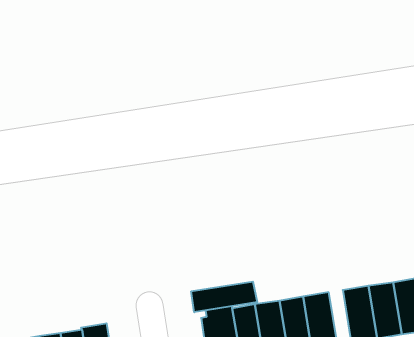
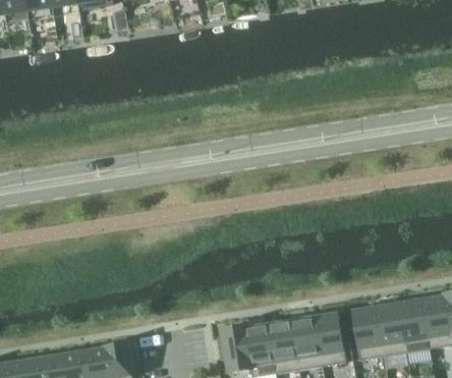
building: [191,282,257,312] -> none

